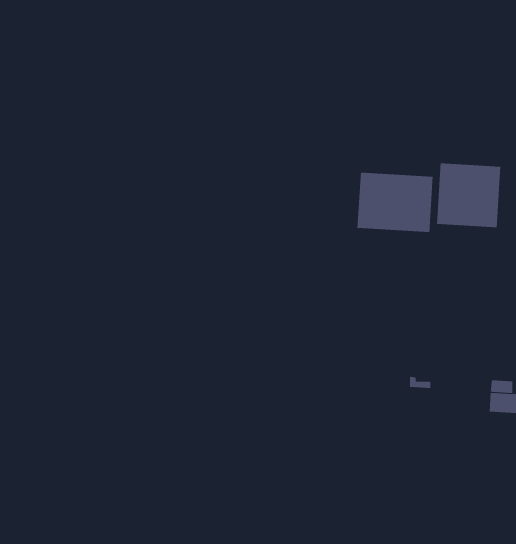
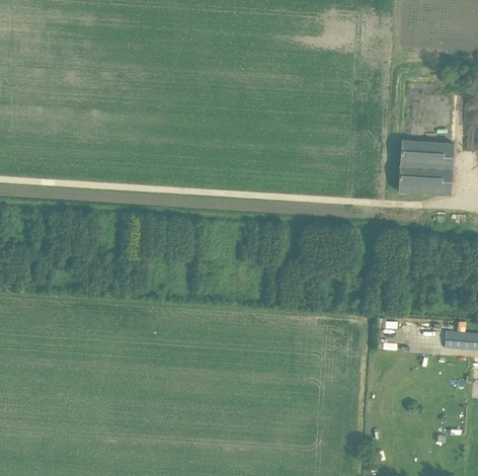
building: [357,172,433,233] -> none

